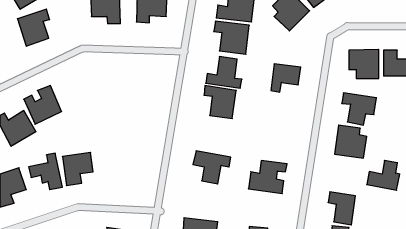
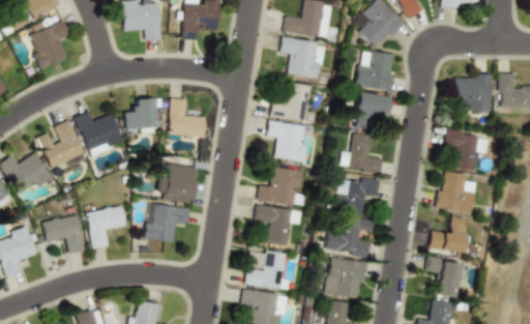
building: none -> [355,51,398,92]
building: none -> [125,98,156,134]
building: none -> [169,99,200,138]
building: none -> [75,111,124,157]
building: none -> [342,134,383,174]
building: none -> [156,165,195,199]
building: none -> [258,167,306,207]
building: none -> [336,176,380,213]
building: none -> [144,203,190,242]
building: [367,160,400,190] -> [429,216,471,255]
building: none -> [244,248,288,290]
building: none -> [324,258,367,299]

